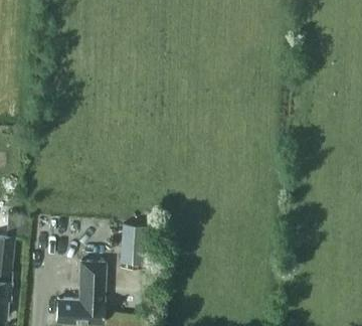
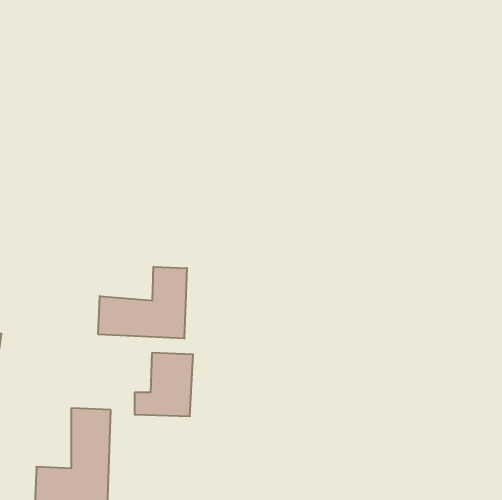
building: none -> [98,267,187,339]

